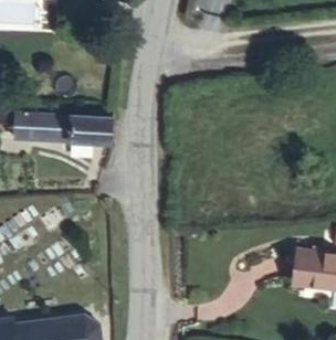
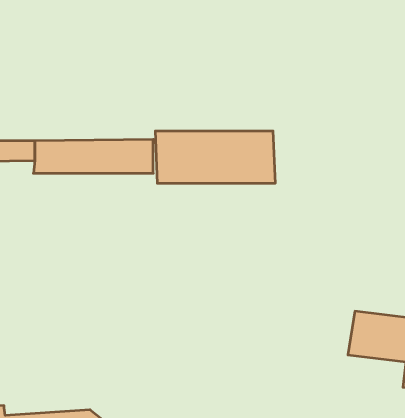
building: none -> [155,131,275,183]

